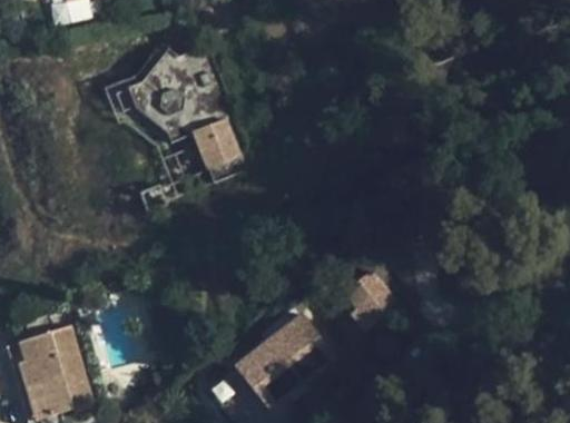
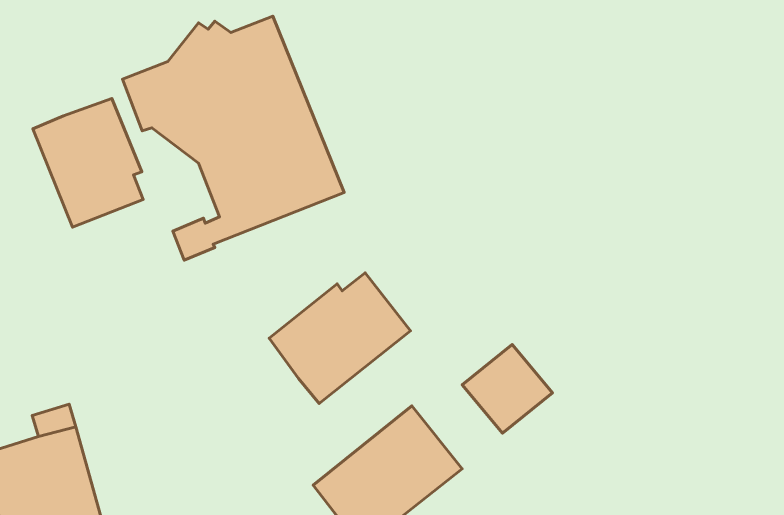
building: none -> [33,98,143,227]
building: none -> [269,273,410,403]

